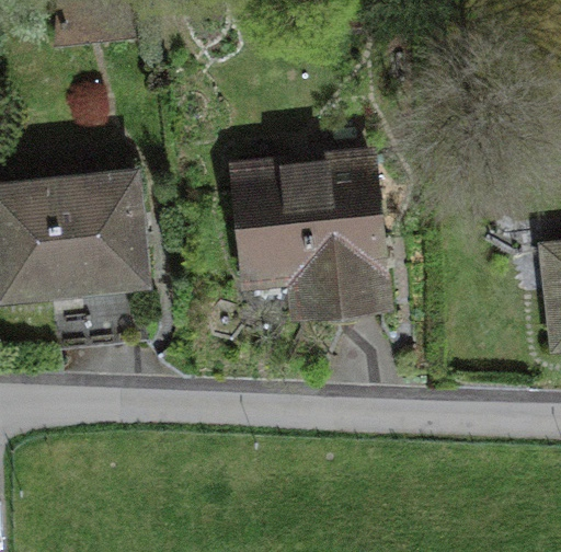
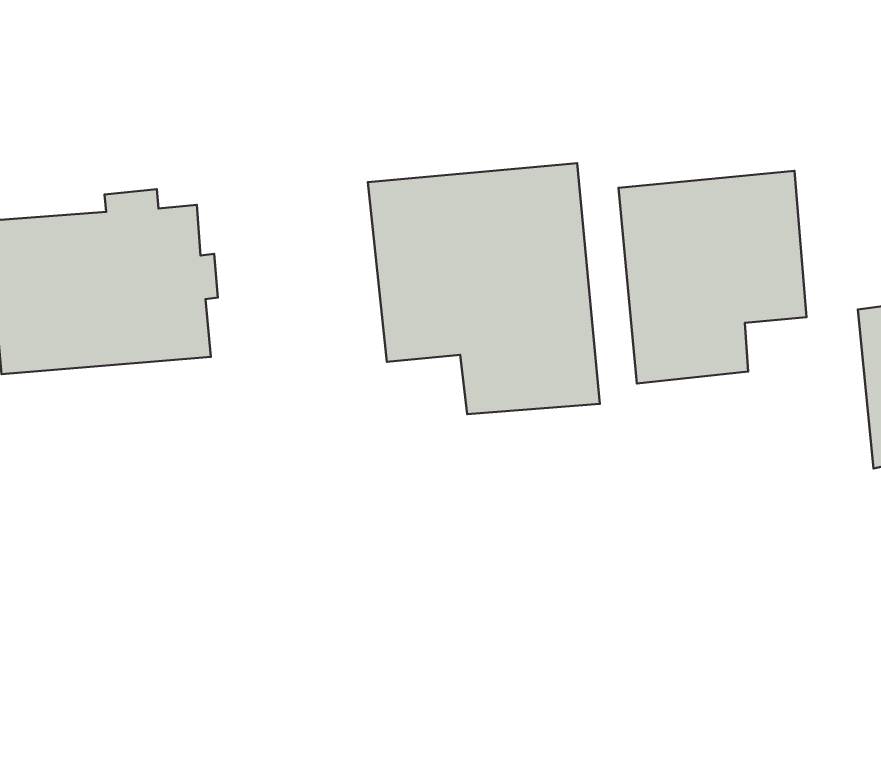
building: none -> [618,171,806,384]

